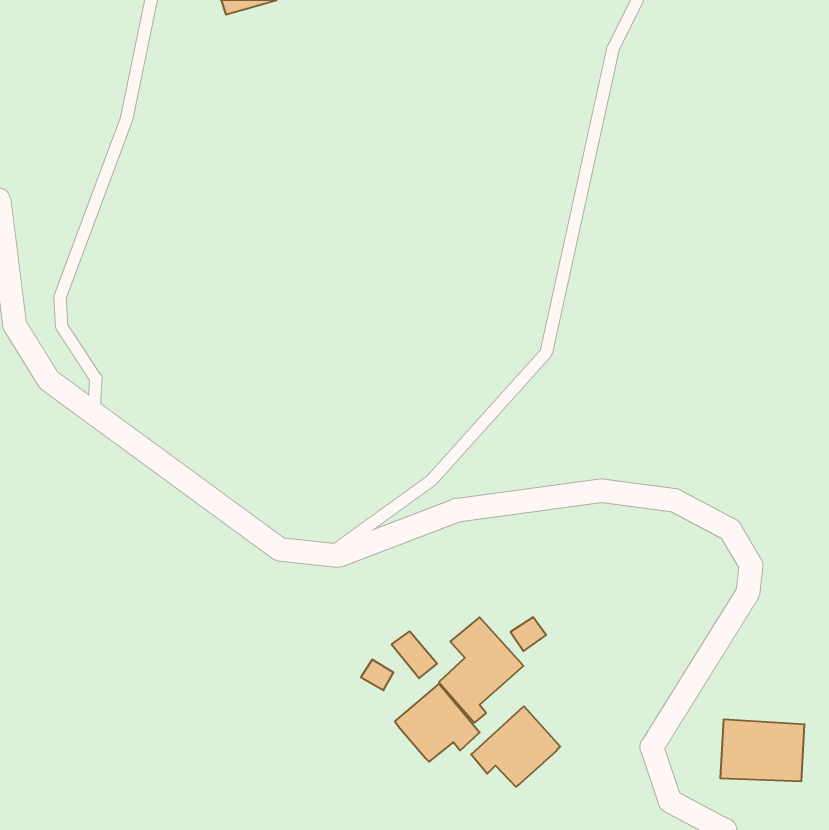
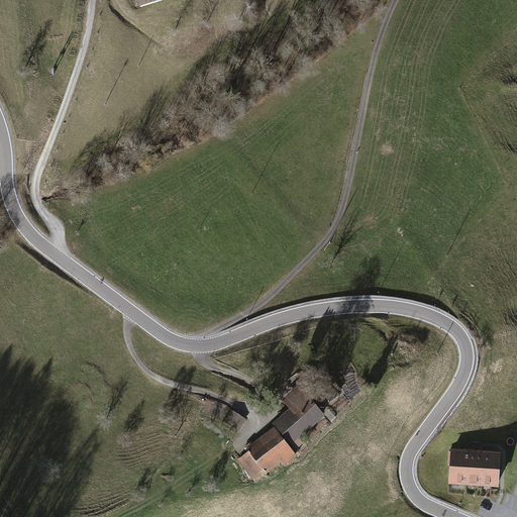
building: [392,631,437,678] -> [236,451,265,481]
building: [471,706,560,787] -> none

